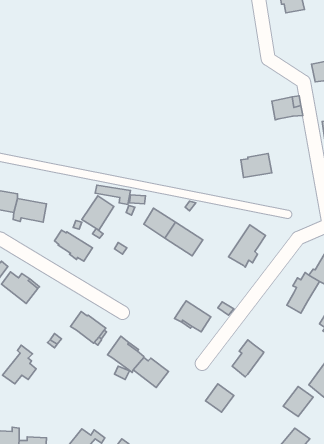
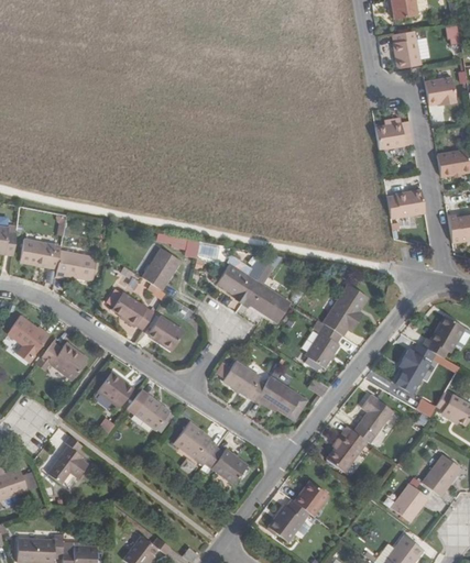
building: none -> [393,30,422,68]
building: [241,154,272,177] -> [389,190,427,220]
building: none -> [147,314,183,350]
building: none -> [305,319,341,367]
building: none -> [222,361,265,401]
building: none -> [96,371,131,408]
building: none -> [353,395,393,443]
building: none -> [269,499,309,542]

